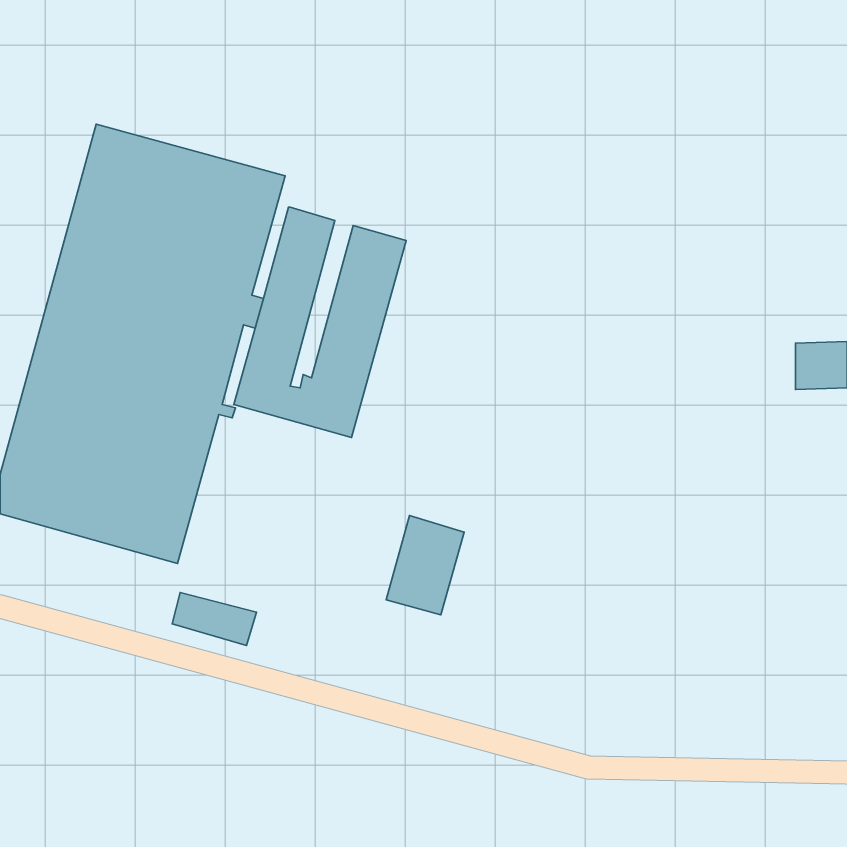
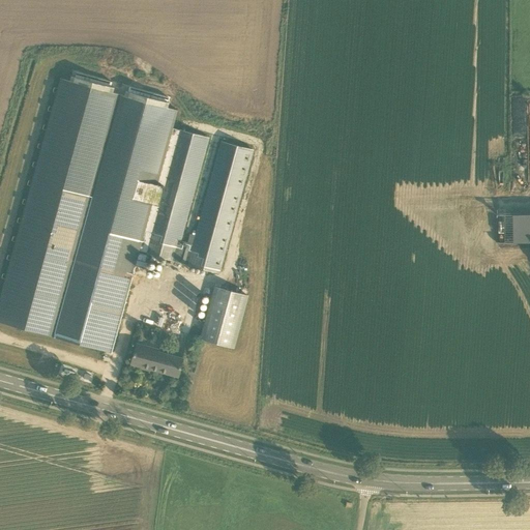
building: [386,515,464,615] -> [200,286,248,348]
building: [172,592,257,645] -> [131,344,184,377]

